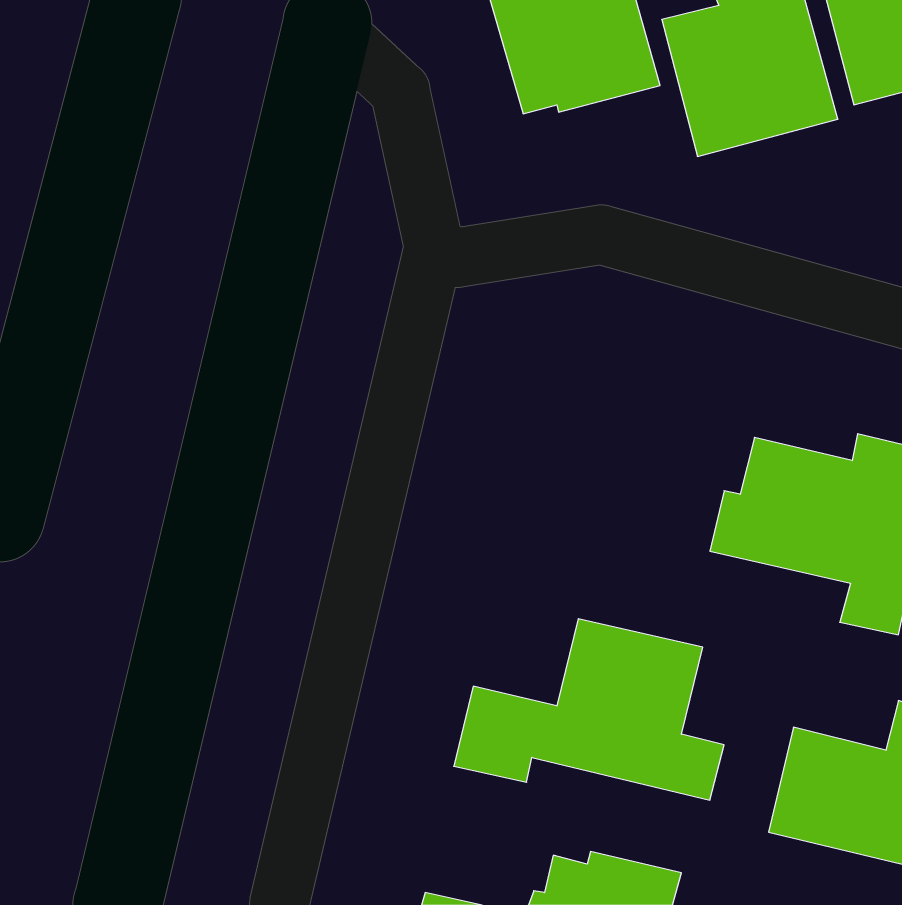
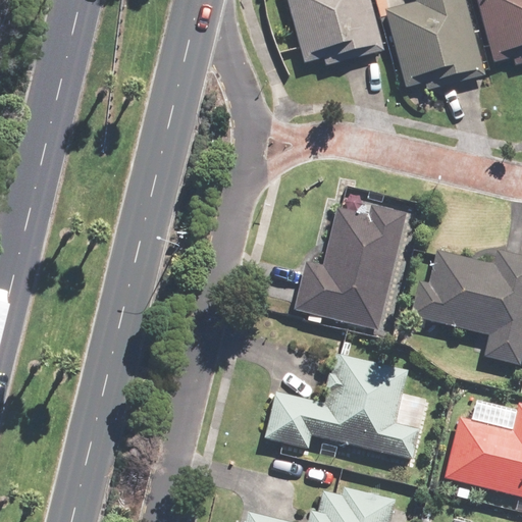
building: none -> [294,205,406,329]

